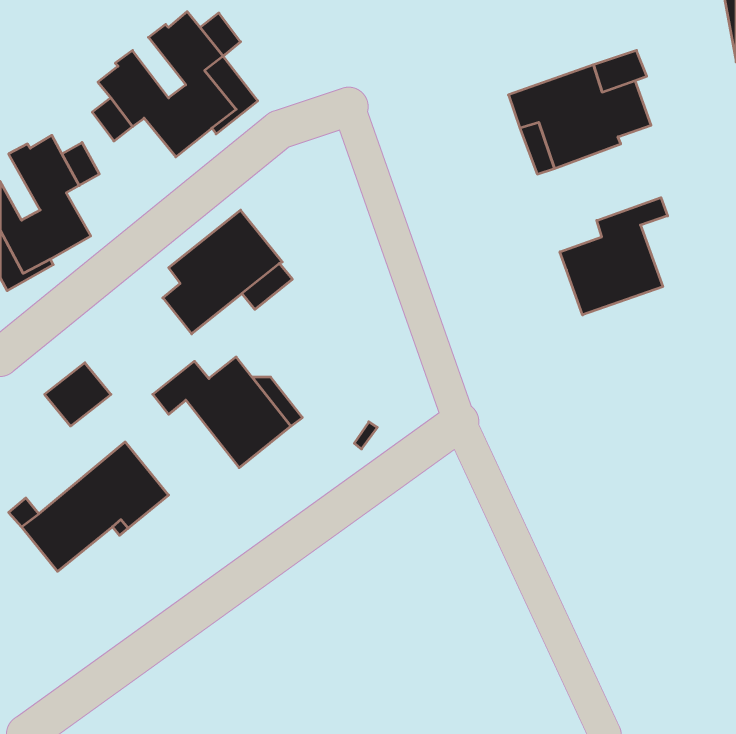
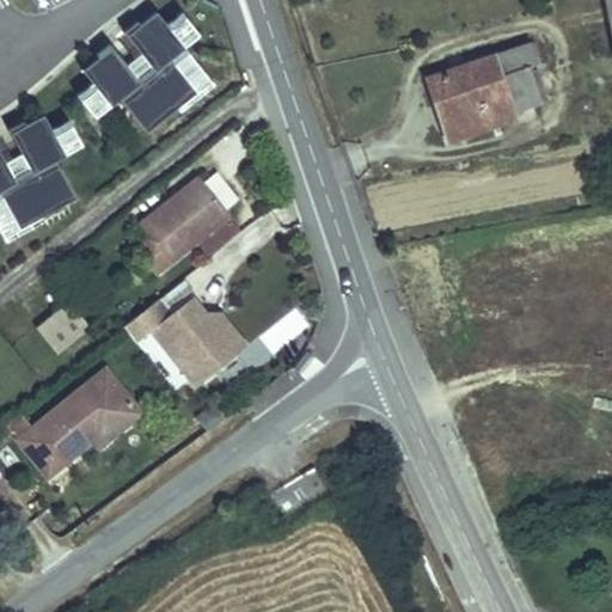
building: [560,198,668,315] -> none

